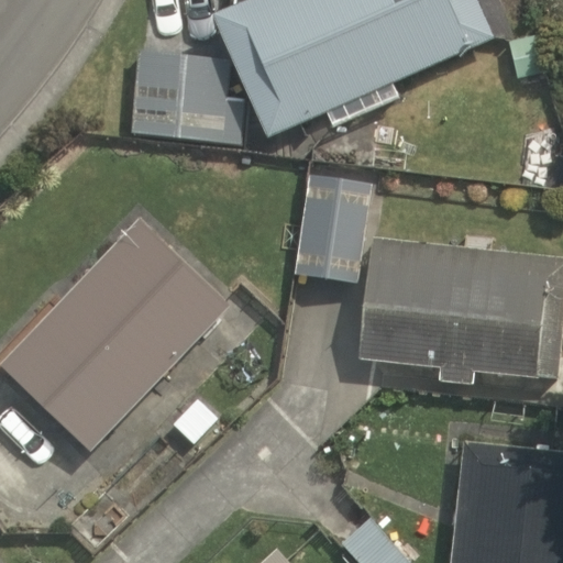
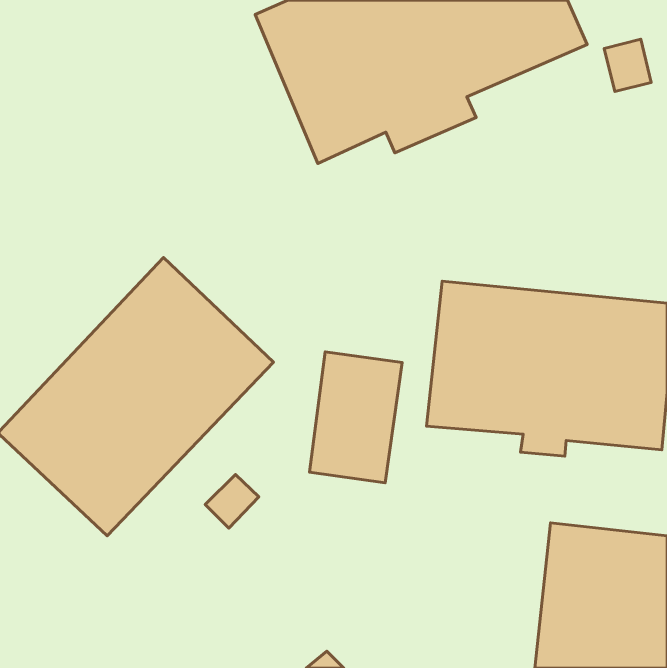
building: [132,49,246,146] -> none
building: [295,174,373,284] -> [309,352,402,483]

